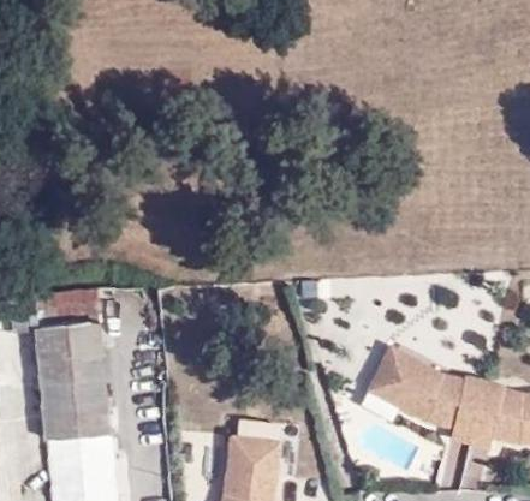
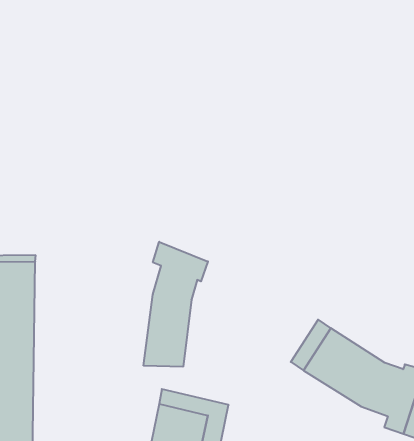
building: none -> [144,242,208,367]

